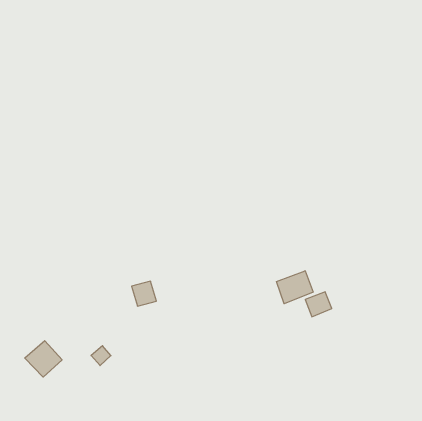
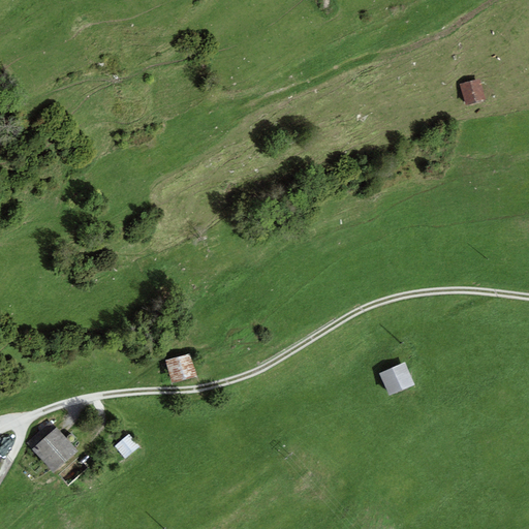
building: none -> [462,81,486,104]
building: [276,271,313,304] -> none

